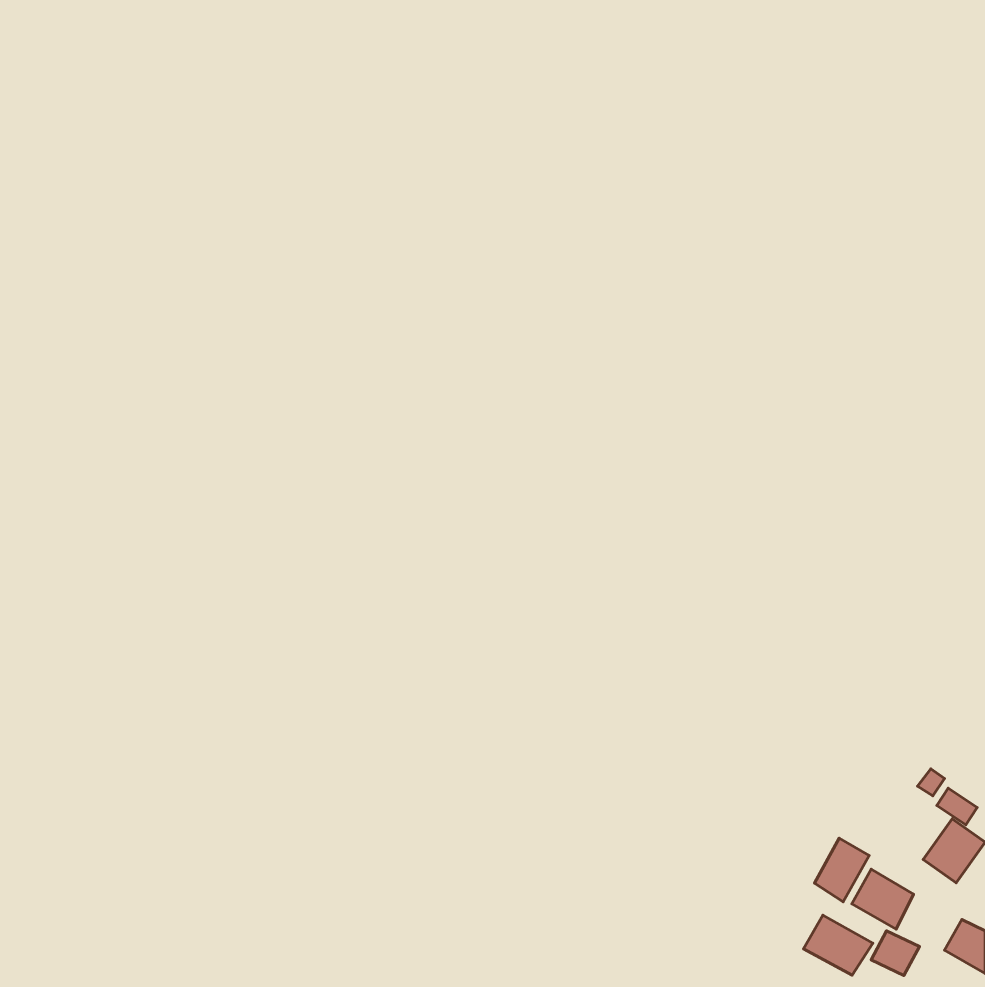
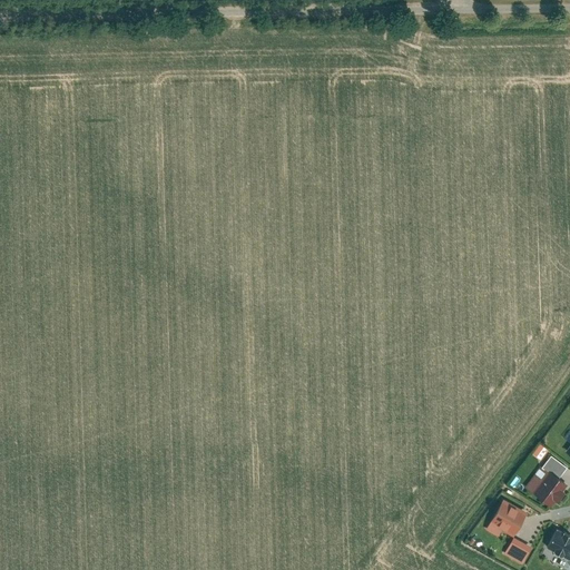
building: [815,838,869,902] -> none
building: [803,915,873,975] -> none

